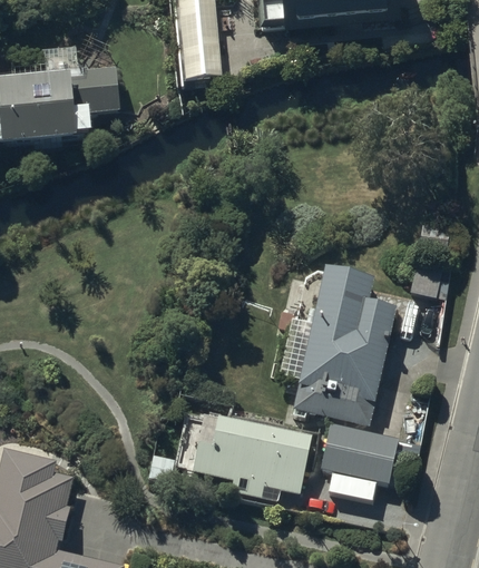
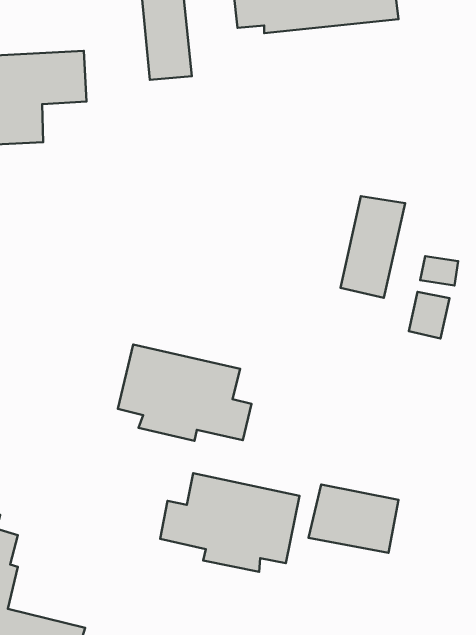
building: none -> [340,196,405,298]
building: [293,270,397,428] -> none
building: none -> [118,345,252,441]

